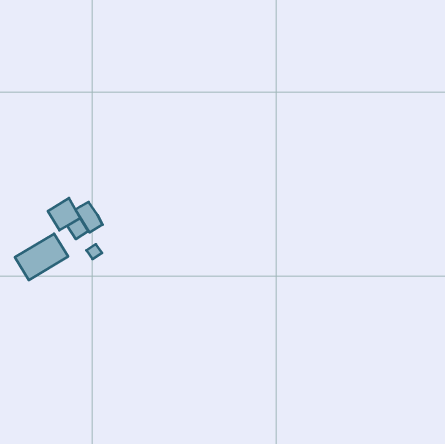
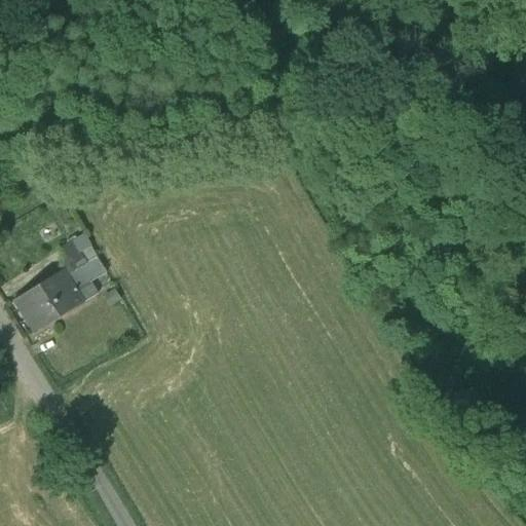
building: [76,202,103,232] -> [64,266,96,302]

